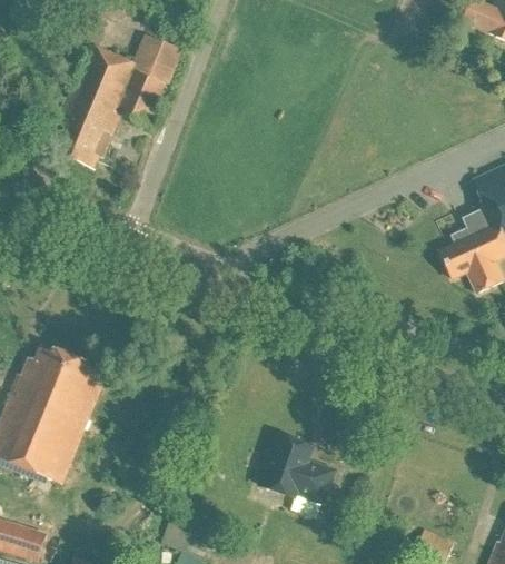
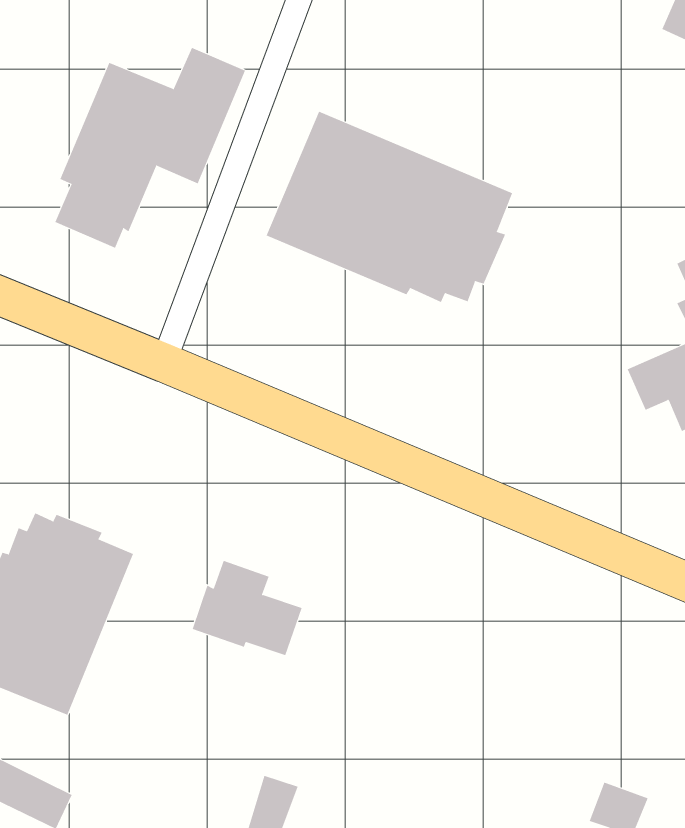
building: none -> [266,111,513,303]
building: [259,437,334,502] -> [192,560,302,656]

